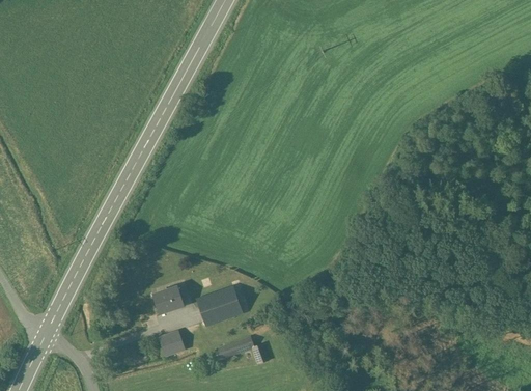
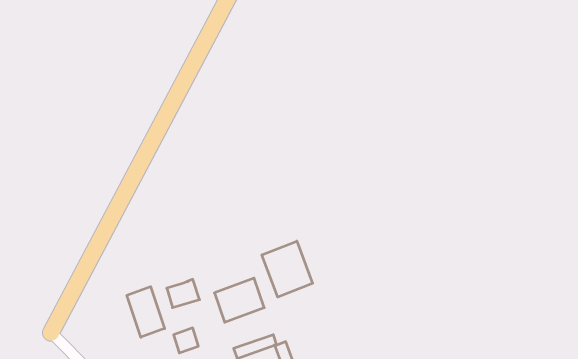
building: none -> [262,241,313,297]
building: none -> [127,287,165,337]

